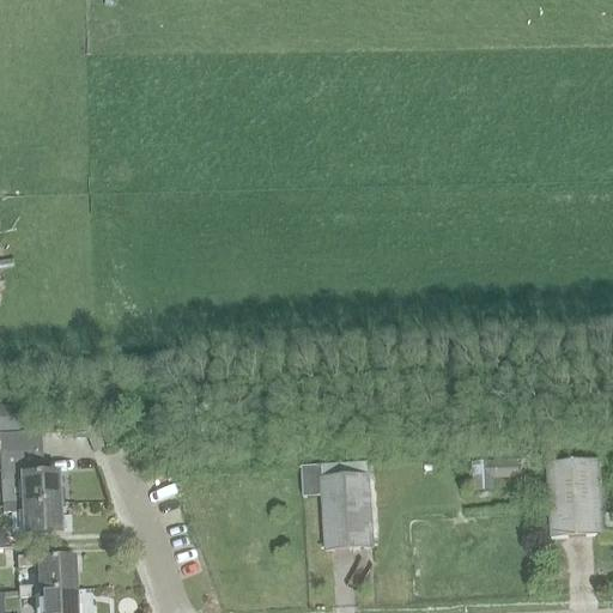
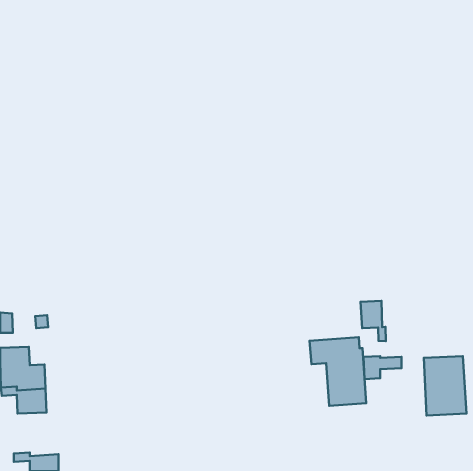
building: none -> [361,301,386,341]
building: [302,461,375,550] -> [310,337,366,406]
building: [18,554,77,589] -> none

